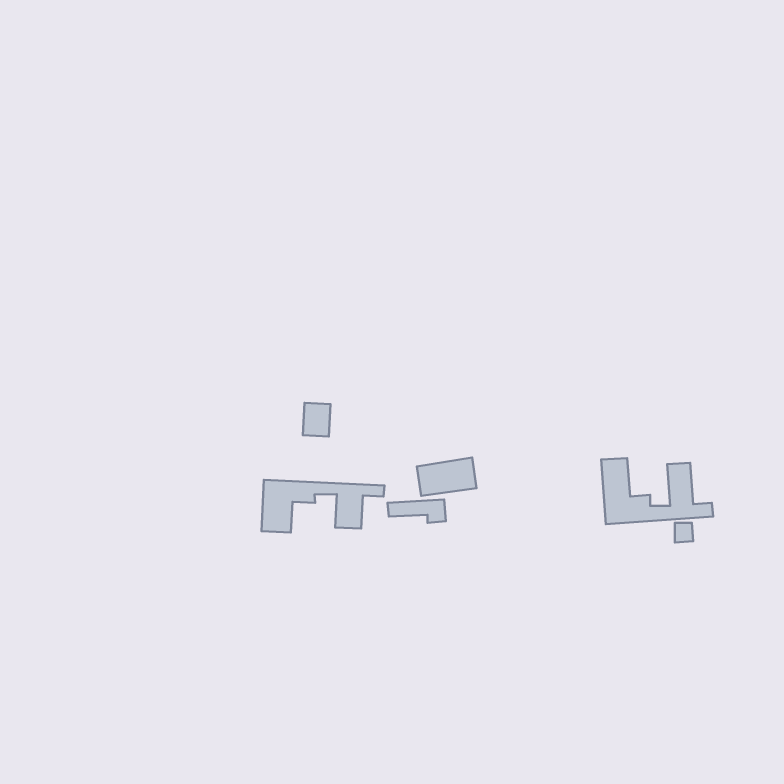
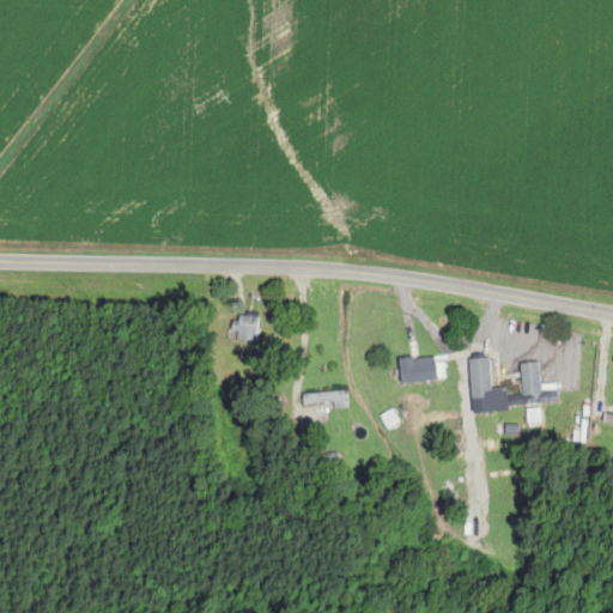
building: [417,457,477,496] -> [397,354,444,384]
building: [261,480,385,532] -> none

